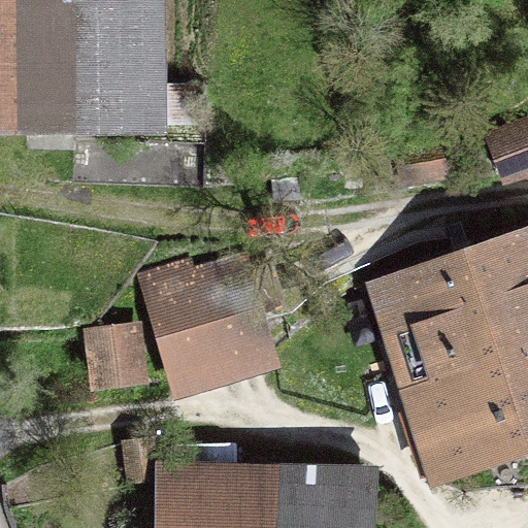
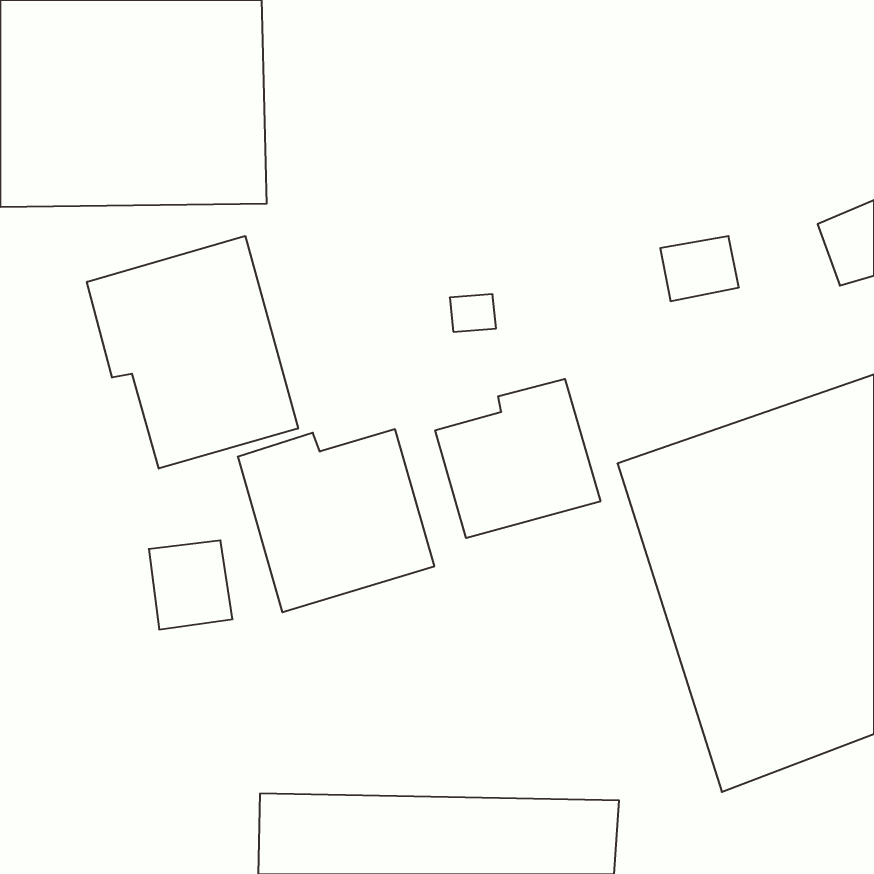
building: none -> [87,236,298,469]
building: none -> [435,379,600,538]

